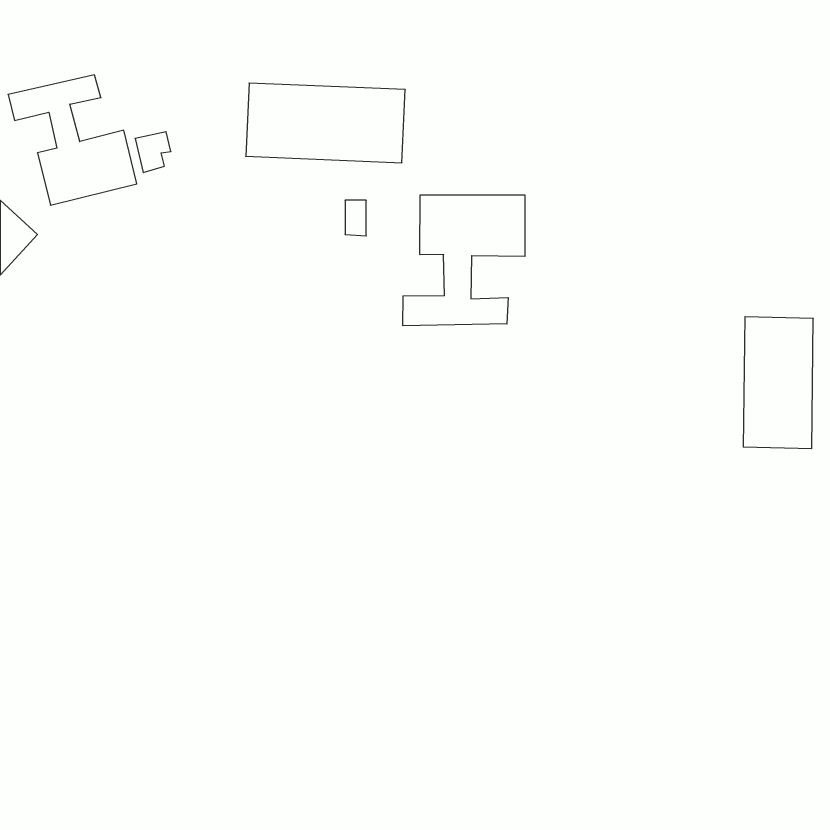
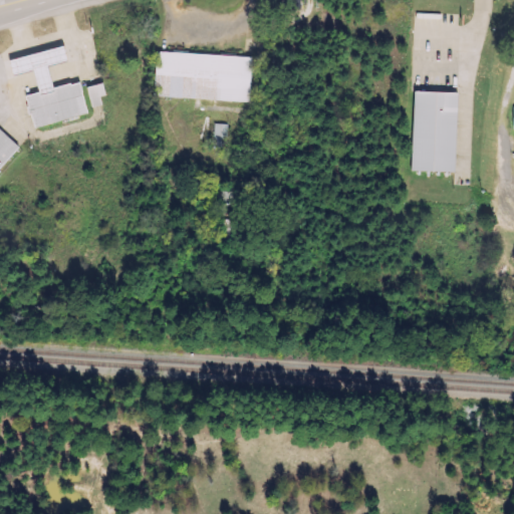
building: [403,195,525,326] -> none
building: [743,317,813,449] -> [414,90,457,172]

